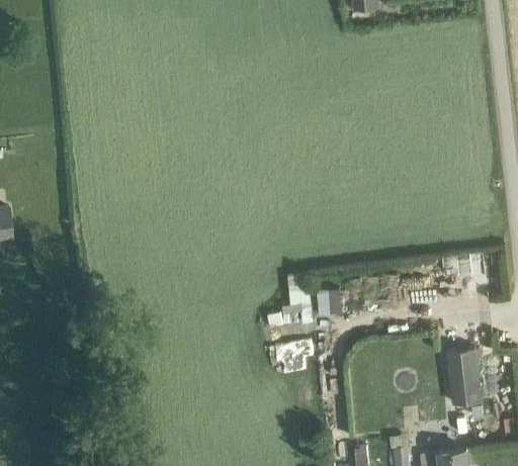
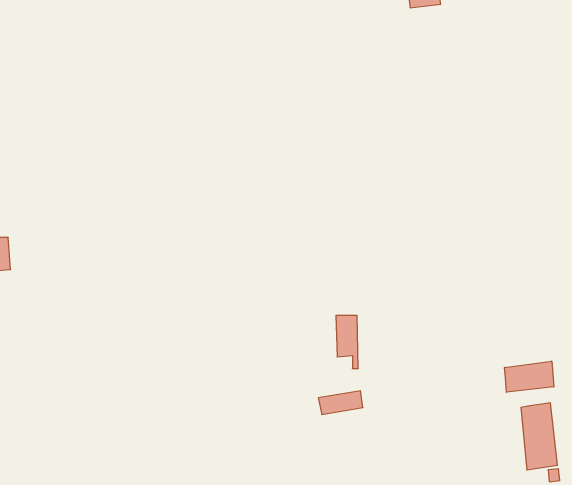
building: [319,288,342,313] -> none
building: none -> [505,361,554,392]

